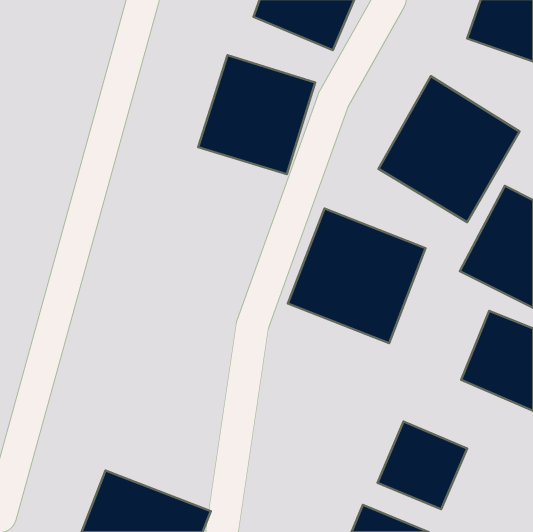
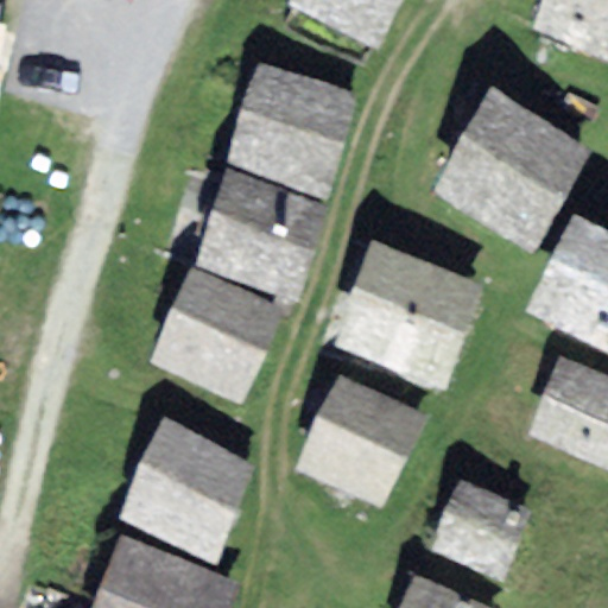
building: none -> [196,173,327,299]
building: none -> [151,270,285,404]
building: none -> [296,374,428,507]
building: none -> [119,419,256,565]

